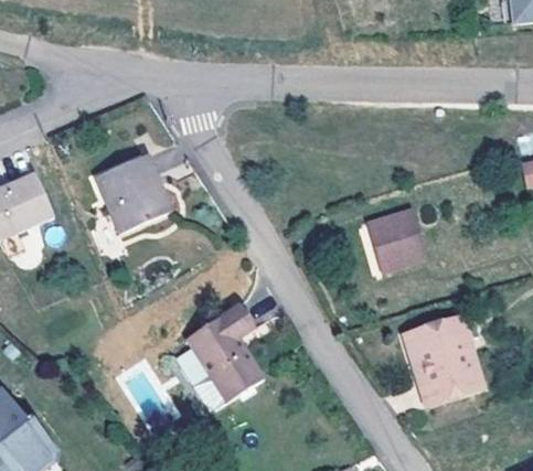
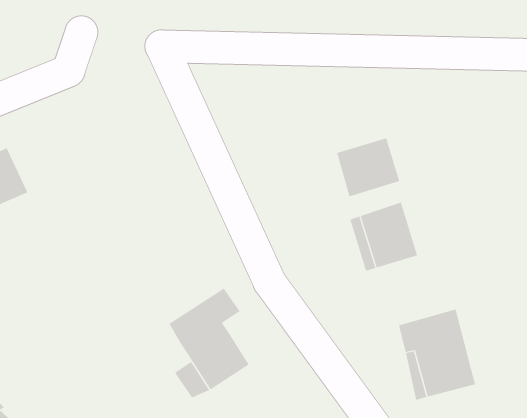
building: [96,153,170,231] -> none
building: none -> [337,138,400,197]

